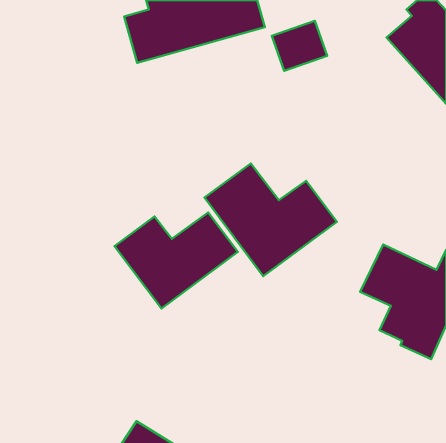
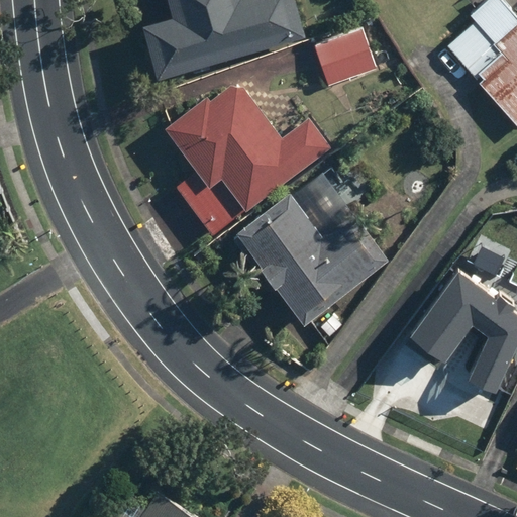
building: none -> [166,86,331,236]
building: [115,212,238,309] -> none

